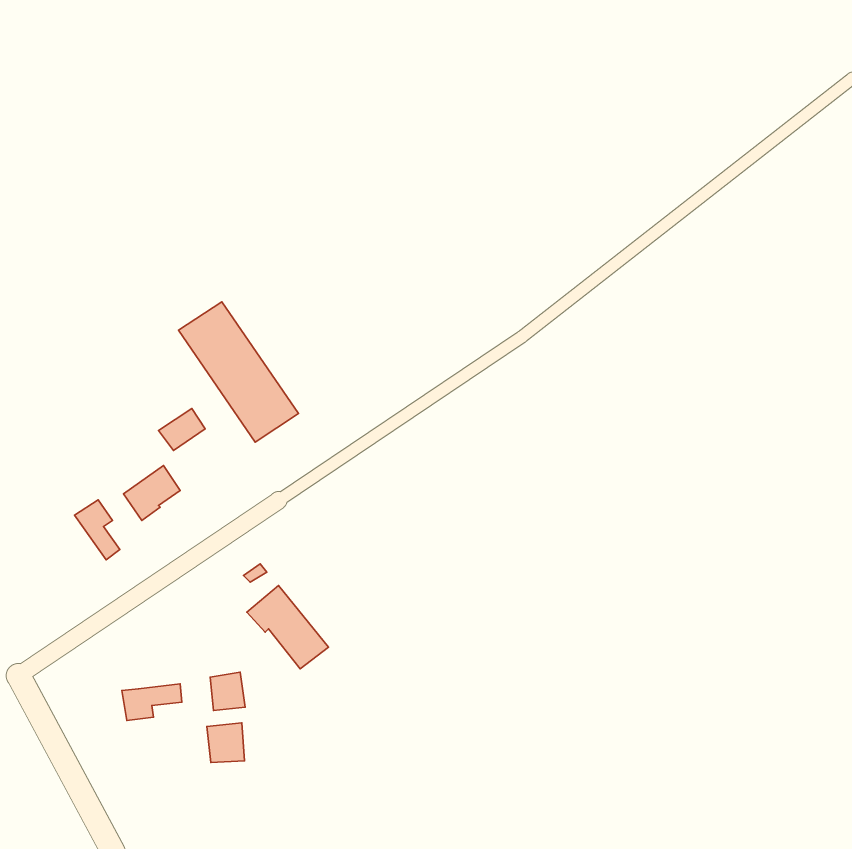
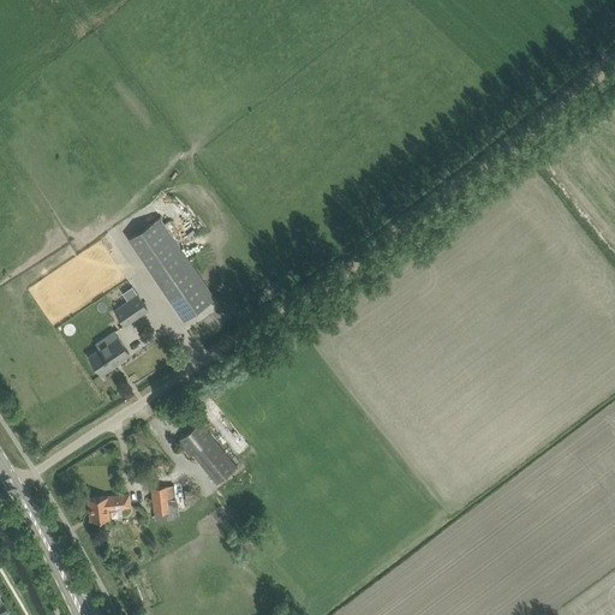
building: [74,500,120,560] -> none
building: [207,723,244,762] -> none

